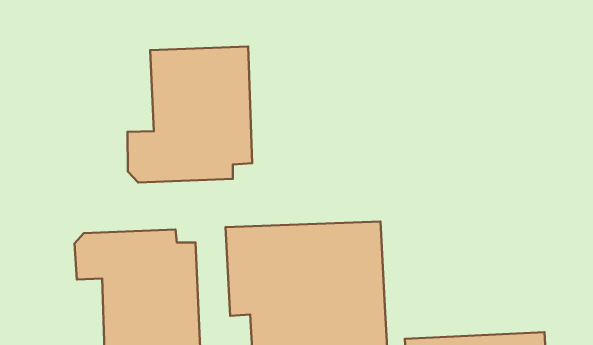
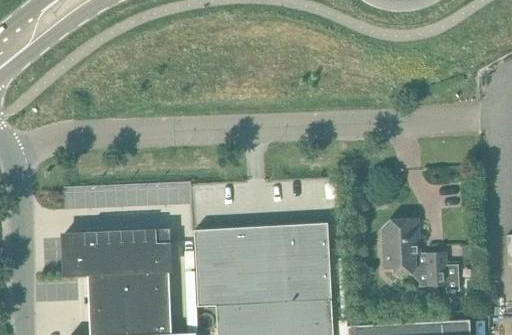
building: [127,46,252,182] -> none
building: none -> [384,223,447,287]

